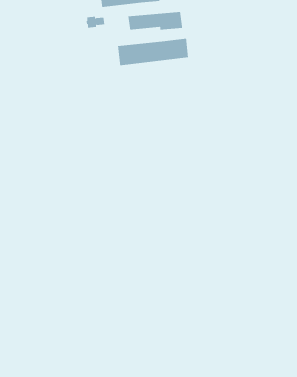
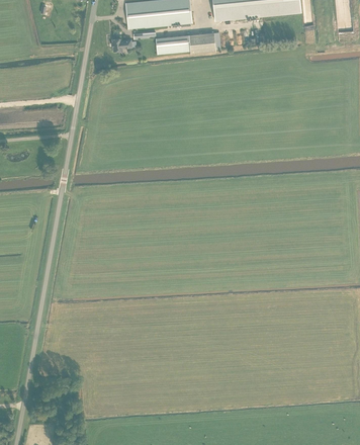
building: [118,38,188,66] -> none

